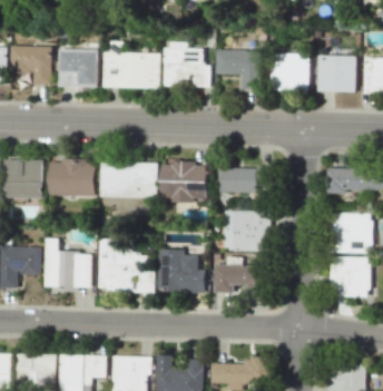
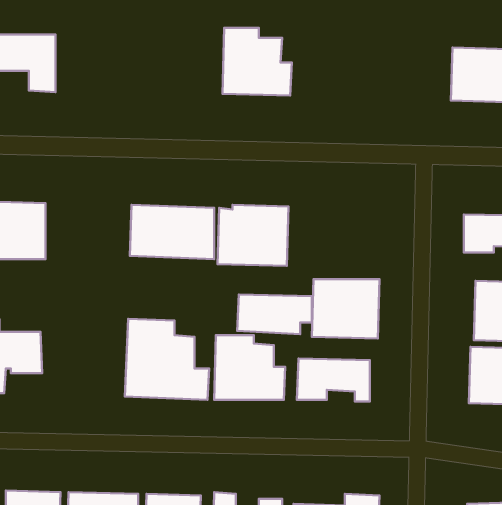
building: [101,41,159,89] -> none
building: [57,49,96,88] -> none
building: [214,50,259,89] -> none
building: [277,53,308,90] -> none
building: [49,159,95,196] -> none
building: [216,167,266,194] -> [237,295,312,334]
building: [45,238,91,287] -> none

